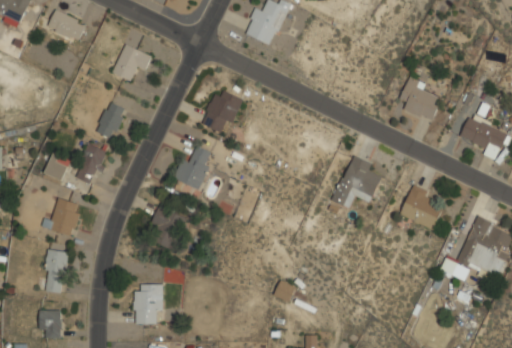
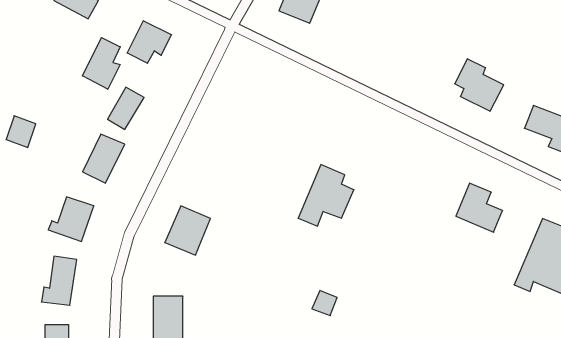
building: none -> [82,38,120,89]
building: [201,87,243,134] -> none
building: [174,145,213,188] -> none
building: [45,152,71,180] -> [6,116,36,148]
building: [332,154,381,208] -> [298,165,354,226]

